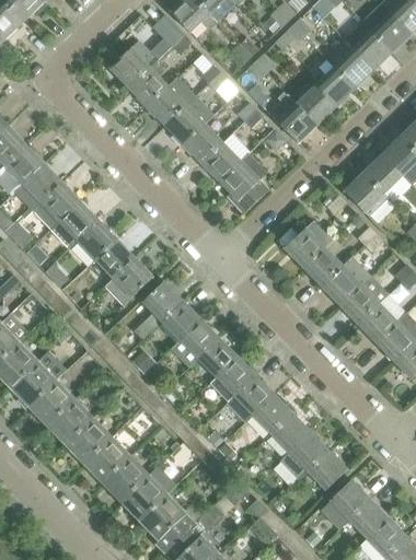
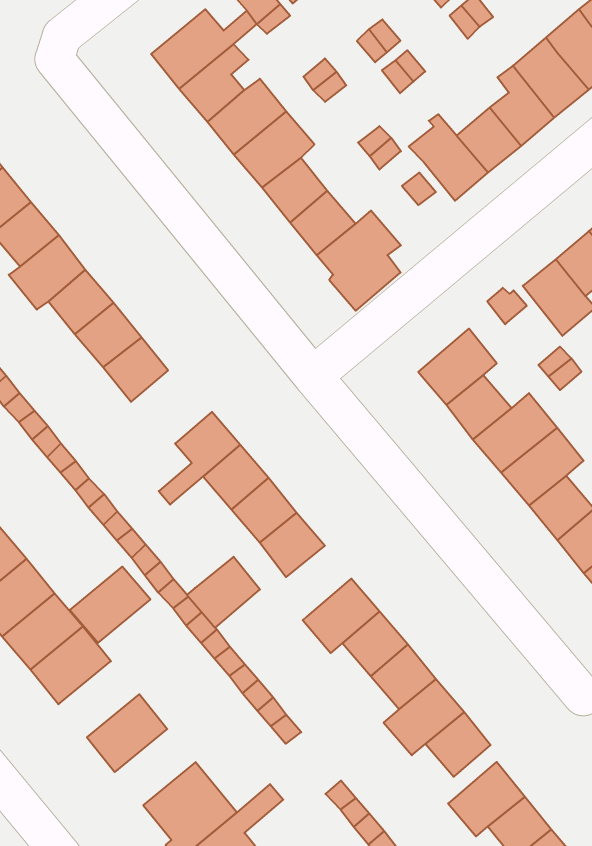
building: [105,258,152,305] -> none
building: [210,357,254,400] -> [187,557,260,628]
building: [83,436,131,483] -> [70,567,150,643]
building: [120,475,169,522] -> none

